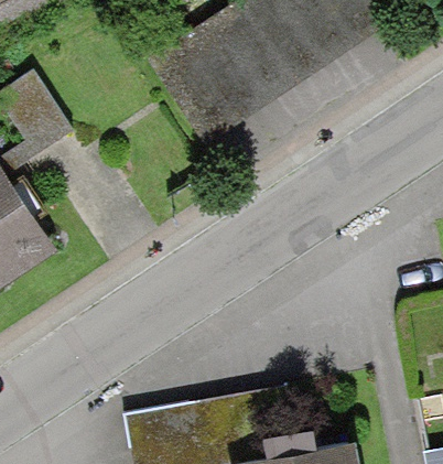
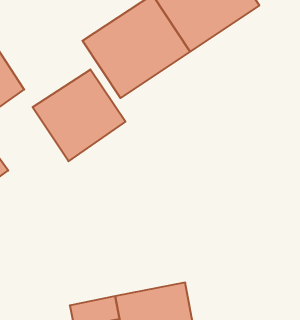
building: none -> [33,69,125,161]

